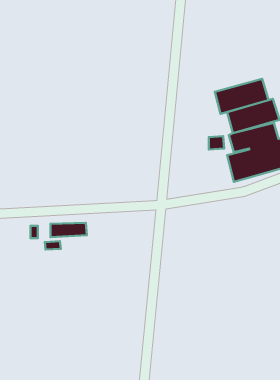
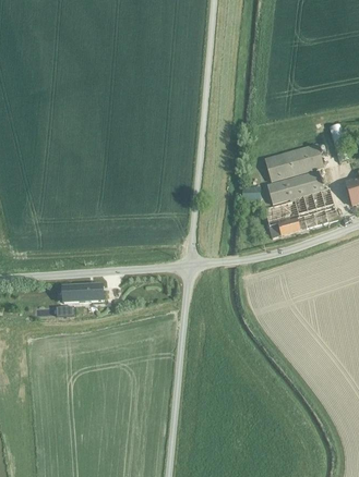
building: [215,79,269,114] -> none

